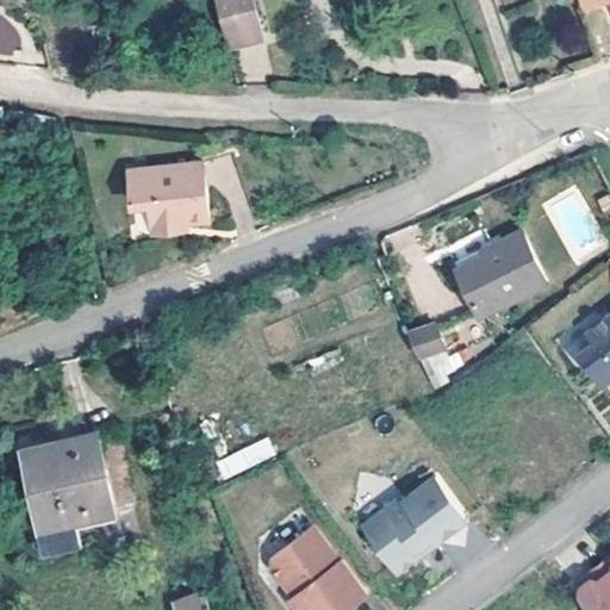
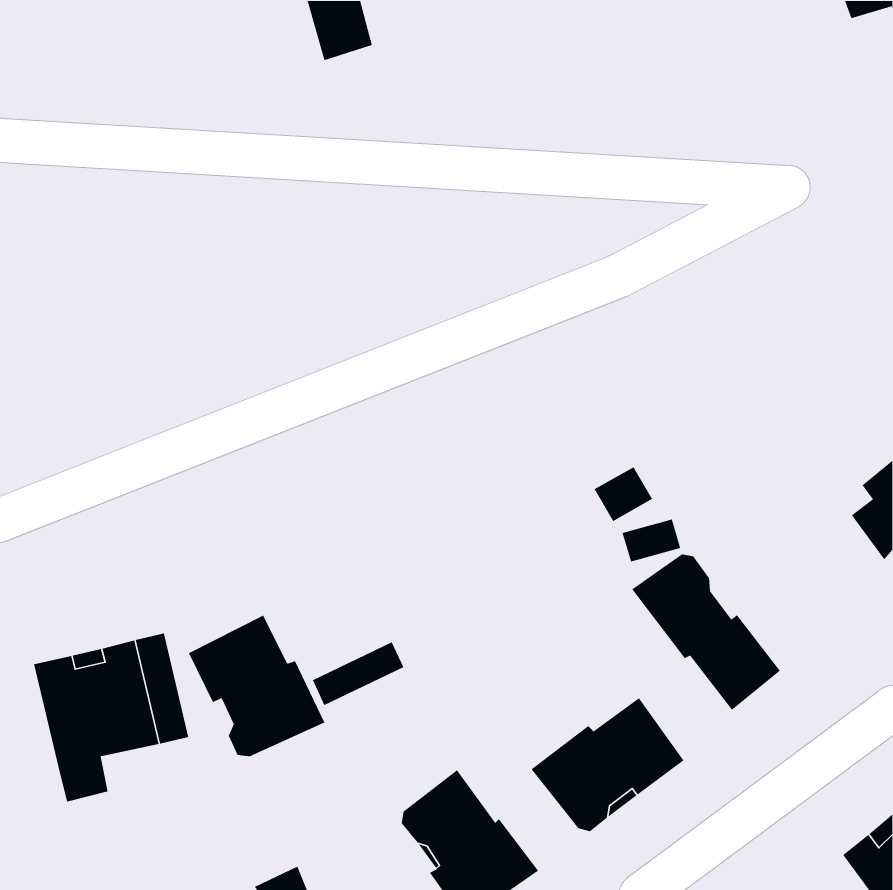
building: [120,152,205,226] -> none
building: [449,237,542,325] -> none
building: none -> [631,554,781,711]
building: none -> [188,614,326,757]

